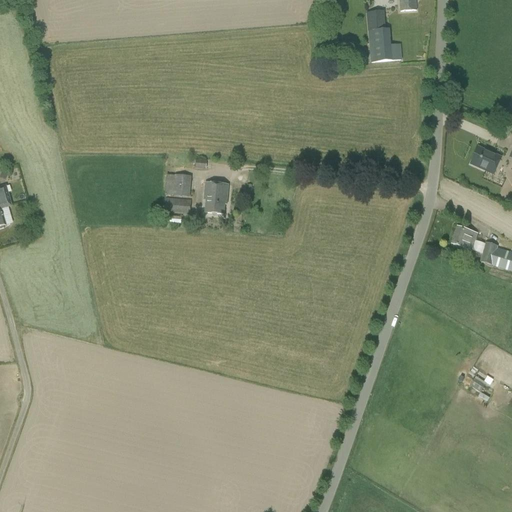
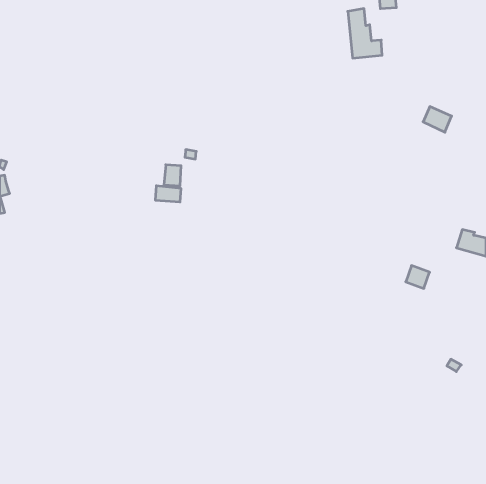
building: [470,145,500,172] -> [423,107,452,132]
building: [203,181,228,212] -> none
building: [451,225,476,249] -> [406,266,430,288]

